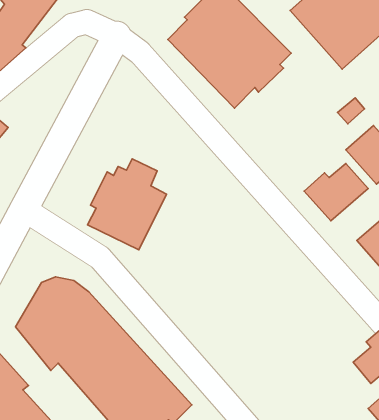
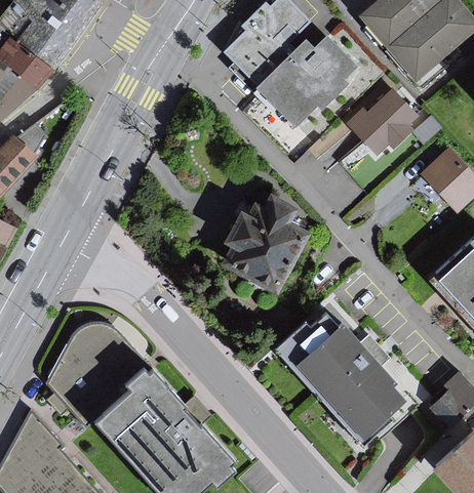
building: [88,159,167,250] -> [219,197,306,297]
building: [304,163,368,221] -> [341,93,411,157]
building: none -> [278,295,428,452]

